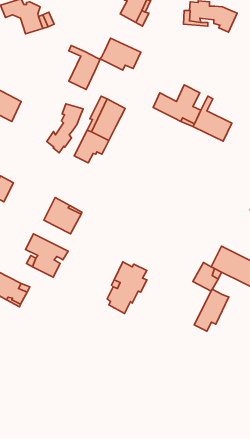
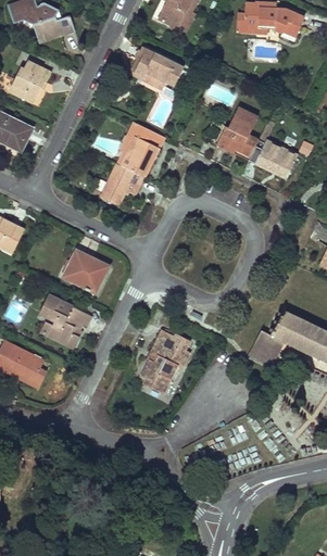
building: [69,46,100,89] -> none
building: none -> [12,60,52,103]
building: [47,104,83,153] -> none
building: [194,289,229,331] -> none

